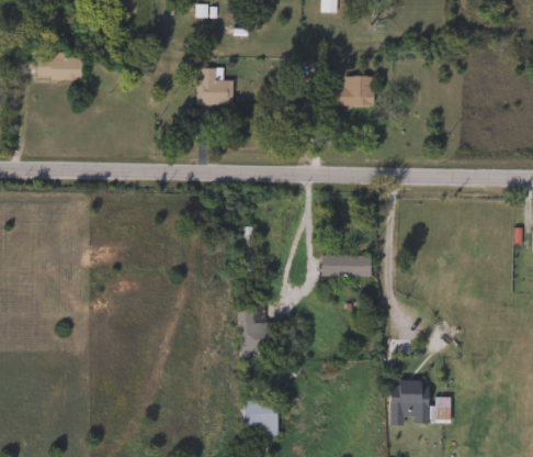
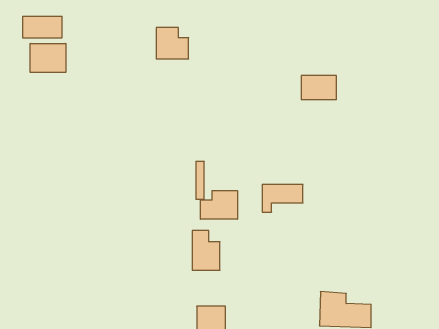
building: [330,76,372,104] -> [301,76,336,100]
building: none -> [30,43,66,72]
building: none -> [200,191,237,219]

